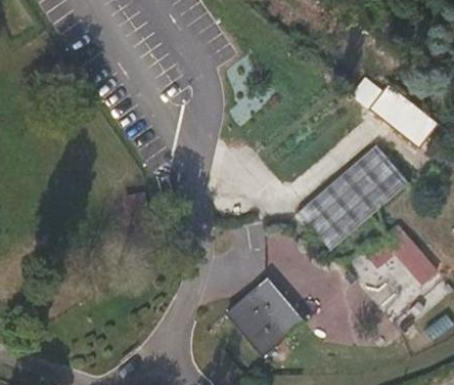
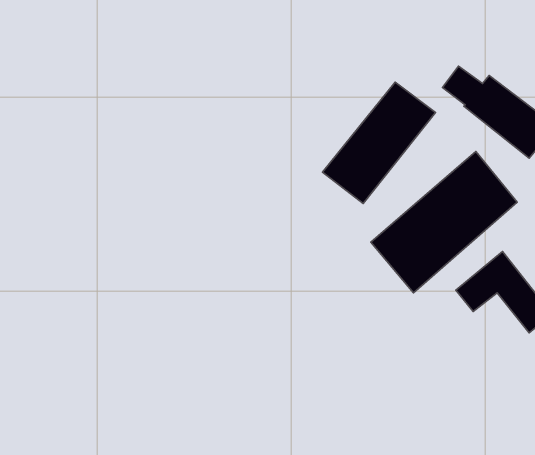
building: none -> [323,82,436,204]
building: [225,276,305,357] -> none

